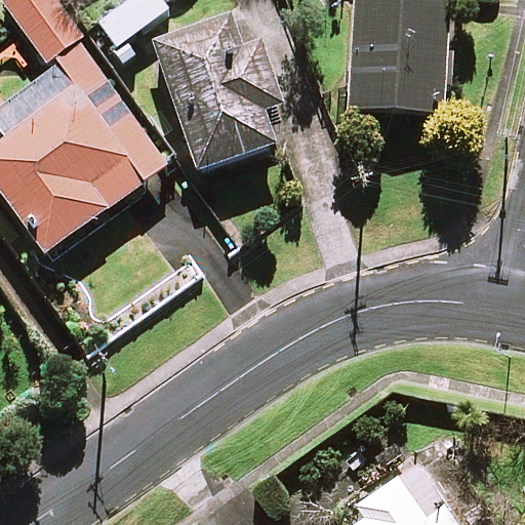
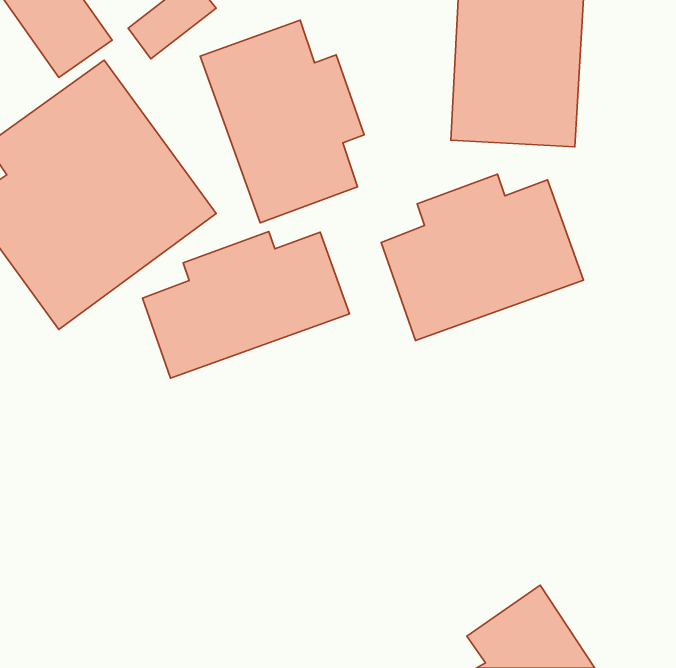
building: none -> [381,174,583,341]
building: none -> [143,231,350,378]

